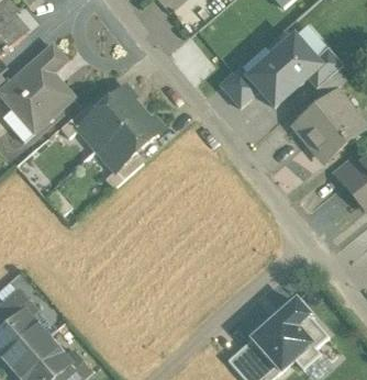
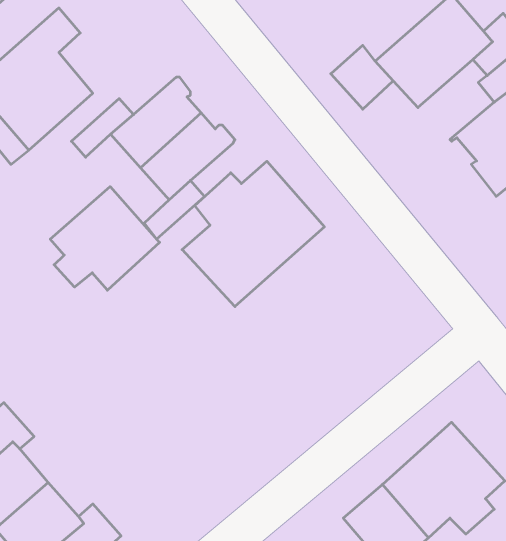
building: none -> [182,161,324,307]
building: none -> [50,187,160,290]

